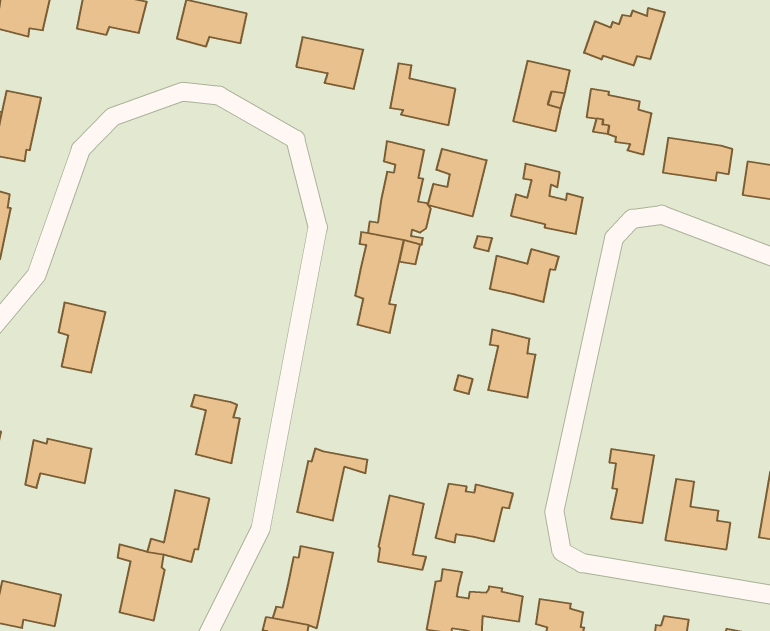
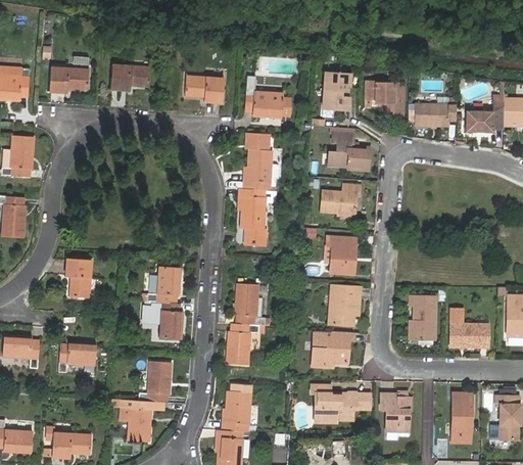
building: [584,8,665,66] -> none
building: [428,149,487,216] -> none
building: none -> [148,268,181,304]
building: none -> [329,286,361,326]
building: [378,495,426,570] -> [235,284,265,326]

